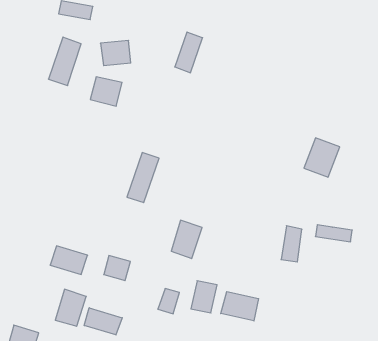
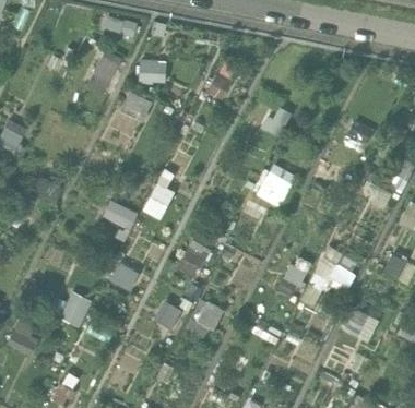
building: [304,138,340,177] -> [258,165,295,204]
building: [50,246,88,274] -> [100,200,138,230]
building: [221,292,259,321] -> none
building: [84,308,122,335] -> none

